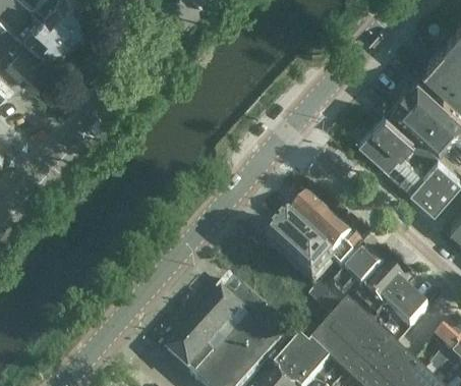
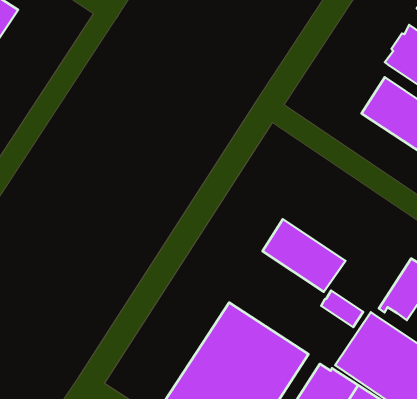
building: [288,197,362,268] -> none
building: [335,249,383,292] -> none

